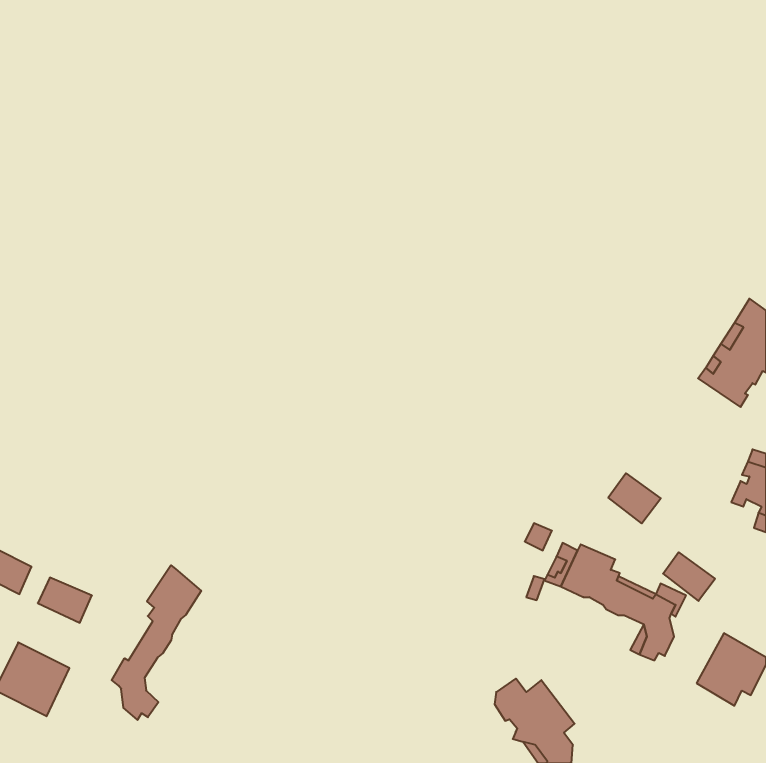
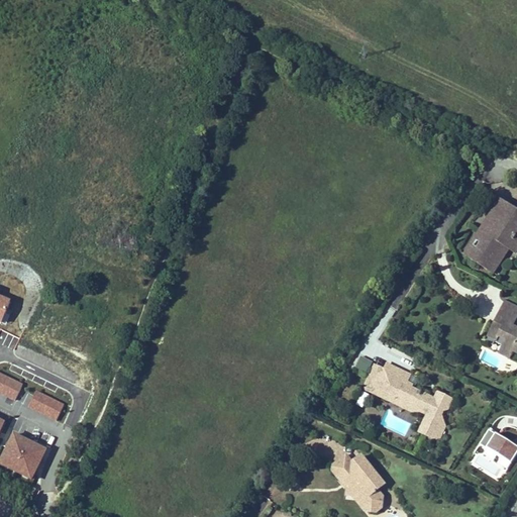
building: [608,473,661,523] -> none
building: [663,552,715,601] -> none
building: [112,565,201,720] -> none

